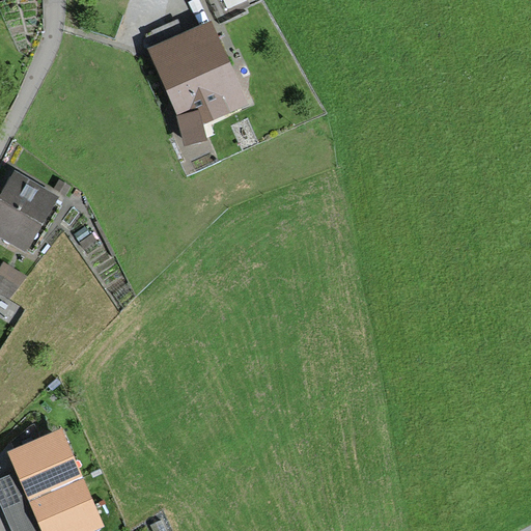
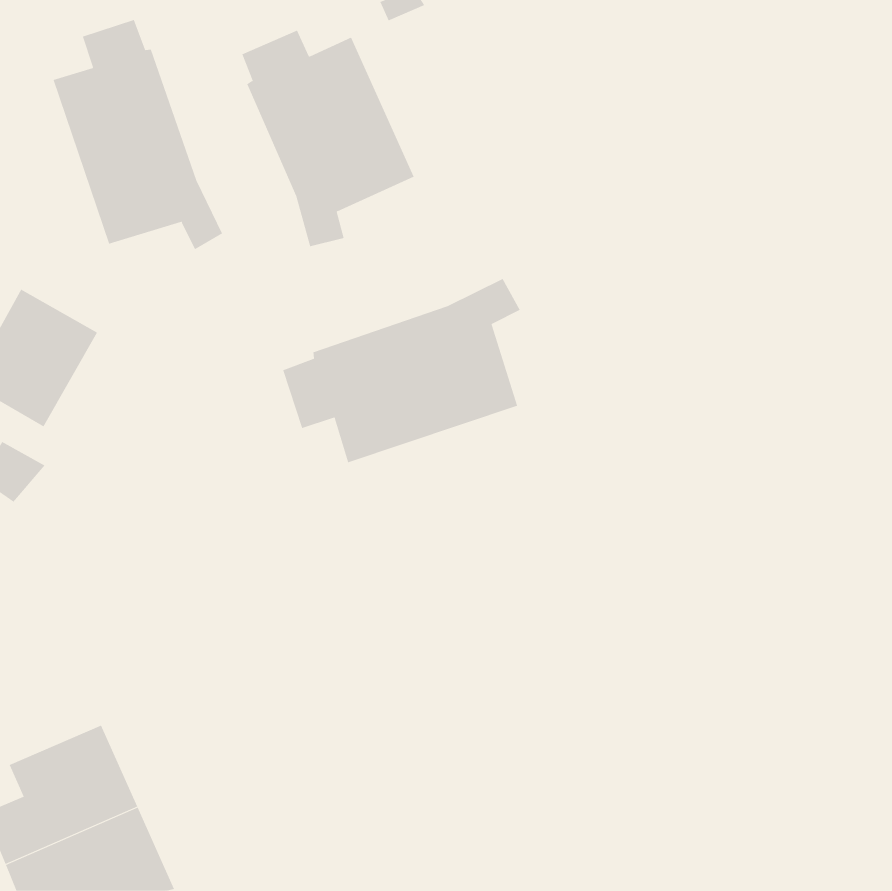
building: none -> [53,19,223,250]
building: none -> [283,278,521,463]

